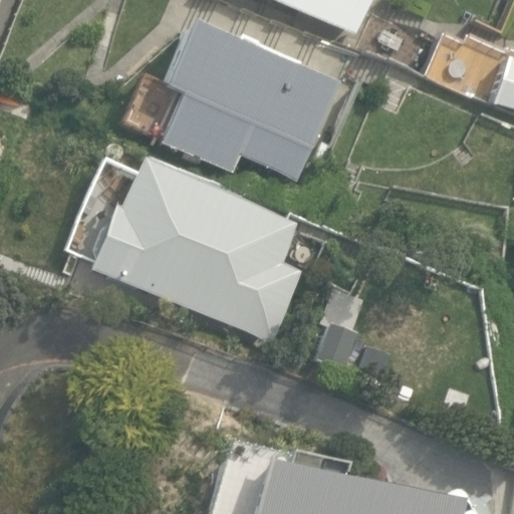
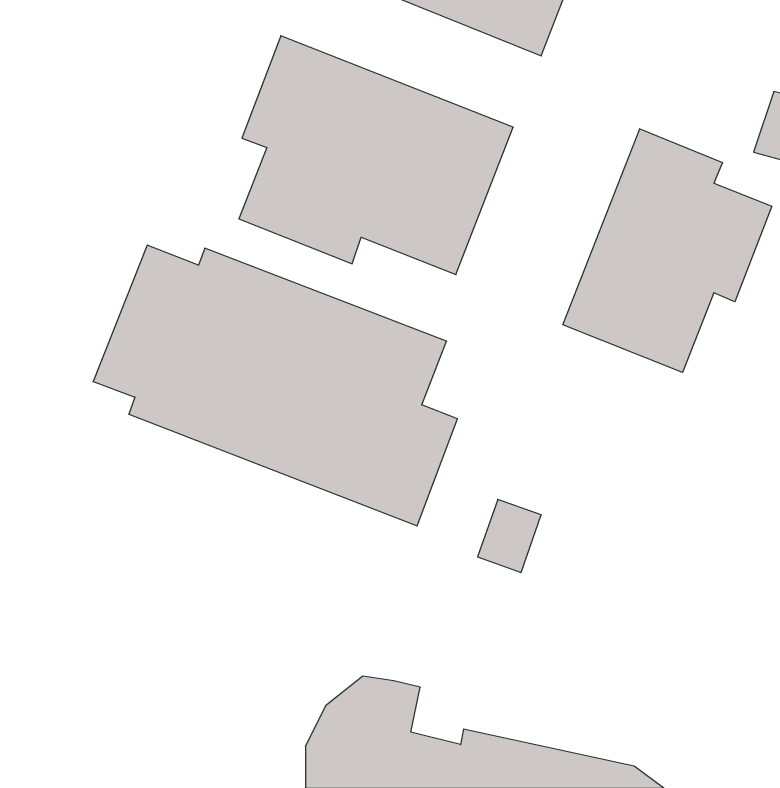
building: none -> [563,129,772,372]

